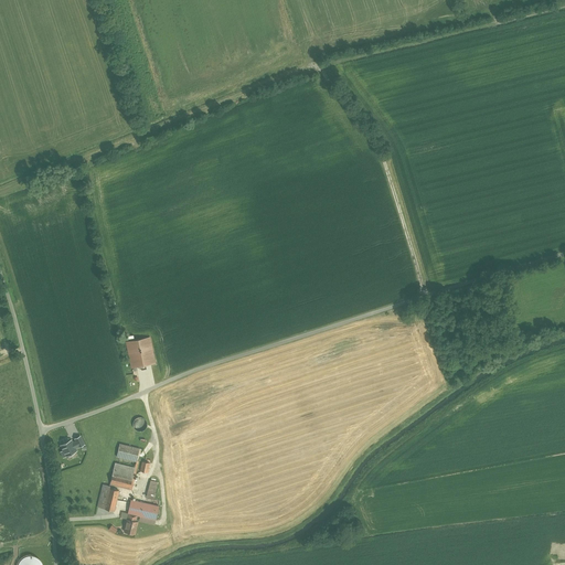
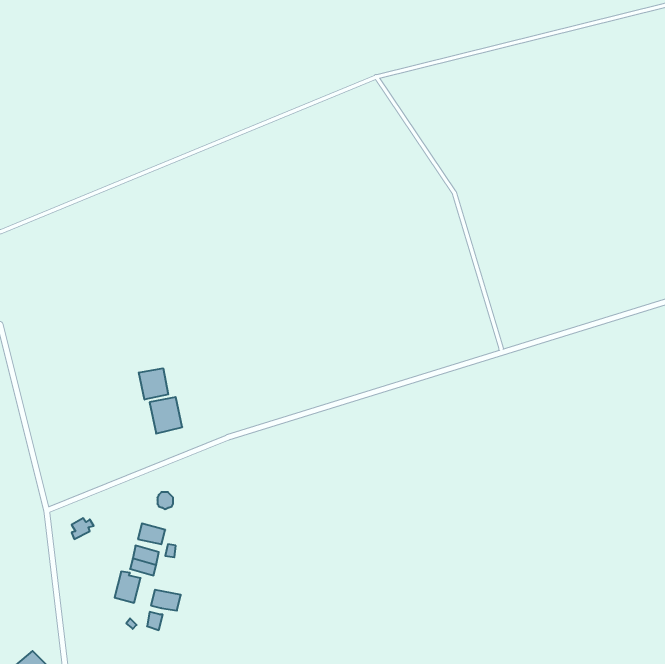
building: none -> [139,368,168,400]

